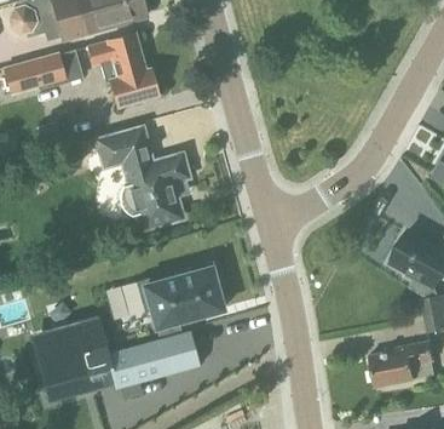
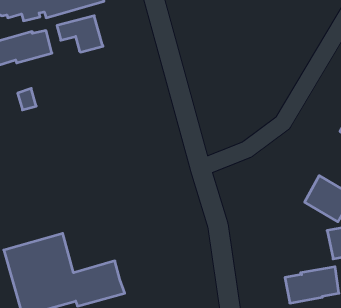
building: [109,67,157,107] -> none
building: [96,127,189,231] -> none
building: [138,259,230,359] -> none

